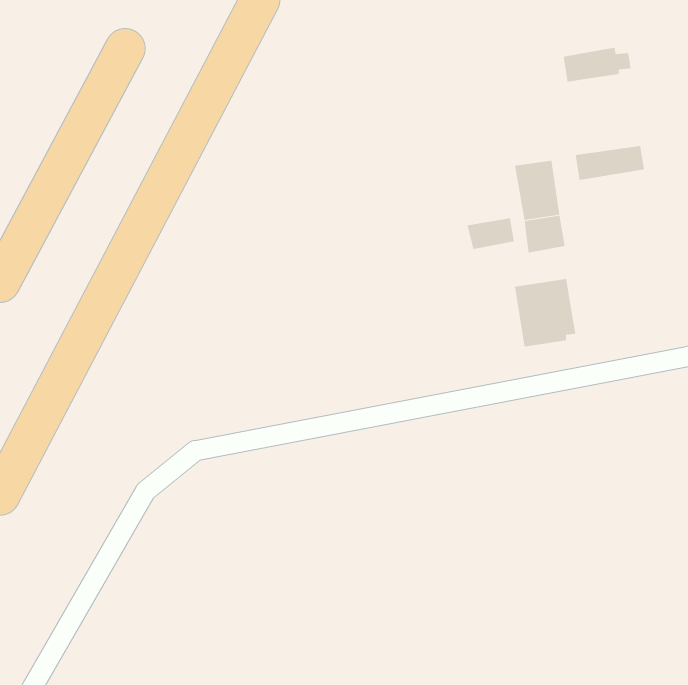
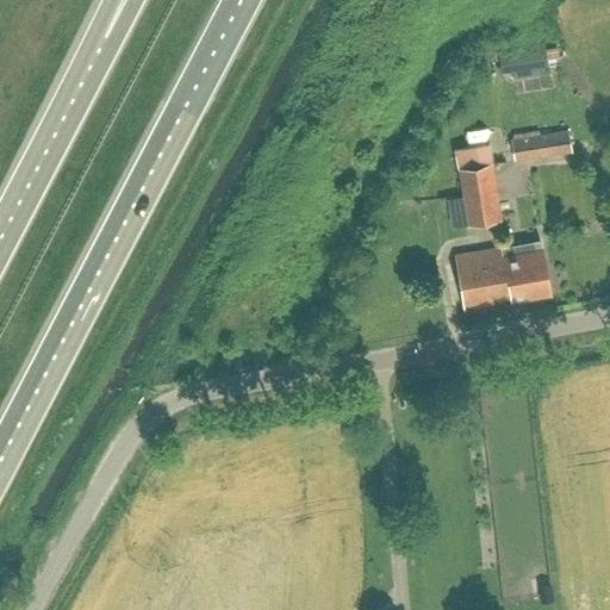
building: [467,217,514,250] -> none
building: none -> [503,248,550,301]

